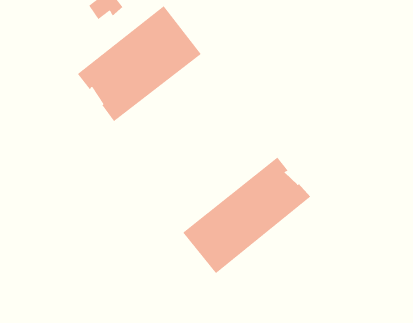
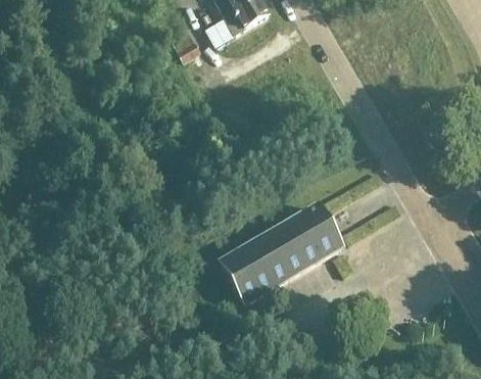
building: [77,5,202,122] -> none

